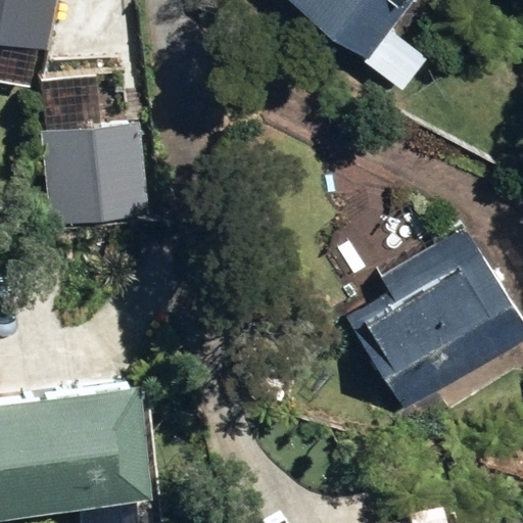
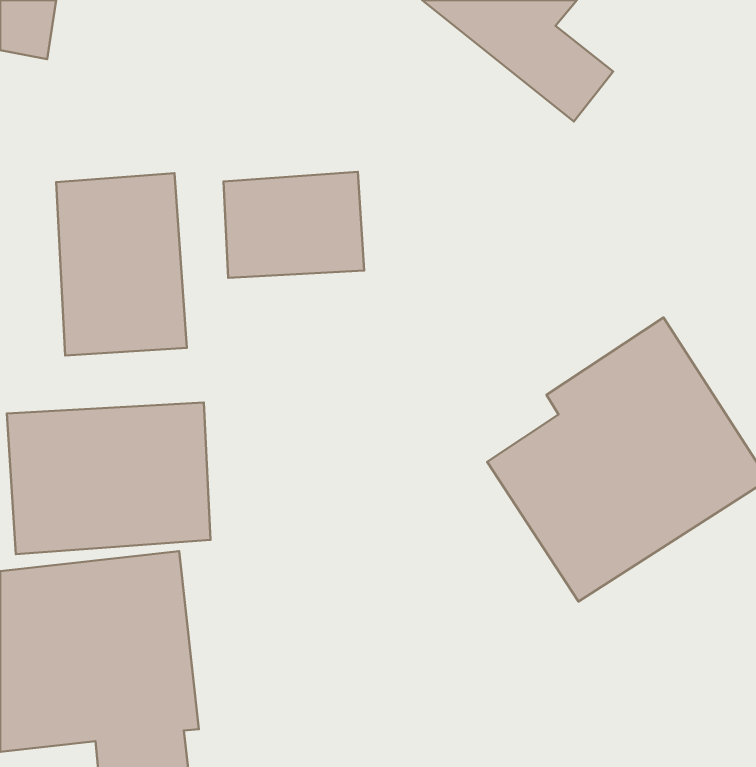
building: none -> [223,172,364,278]
building: none -> [7,403,210,554]

